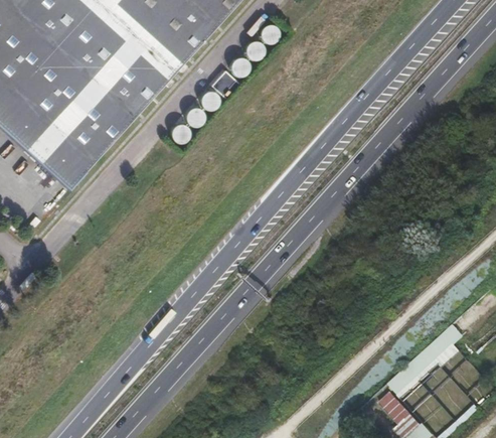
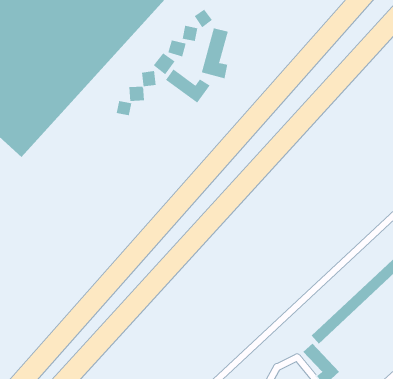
building: none -> [201,27,229,79]
building: none -> [165,68,211,104]

